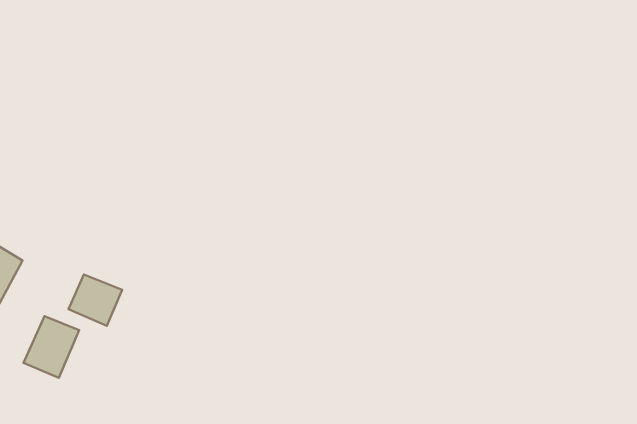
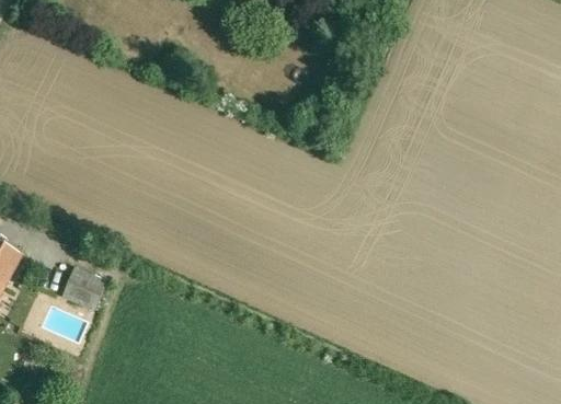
building: [23,316,79,378] -> none

